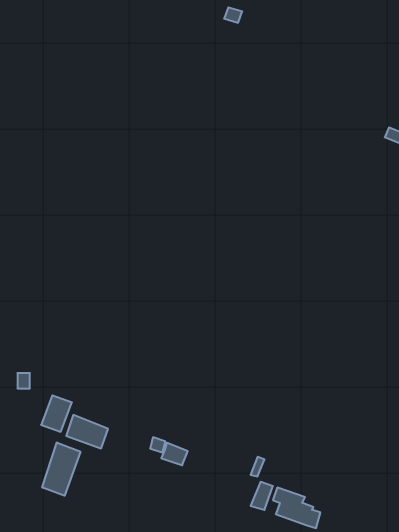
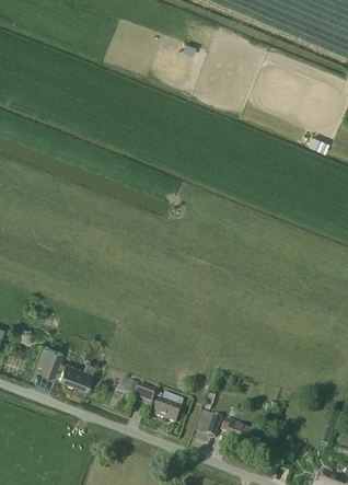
building: [42,442,80,496] -> none
building: none -> [152,393,182,423]

